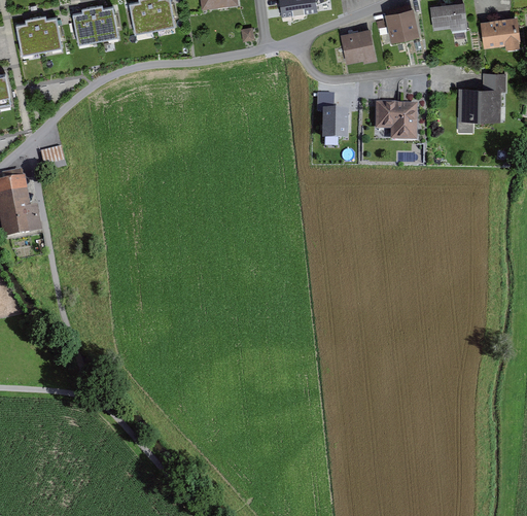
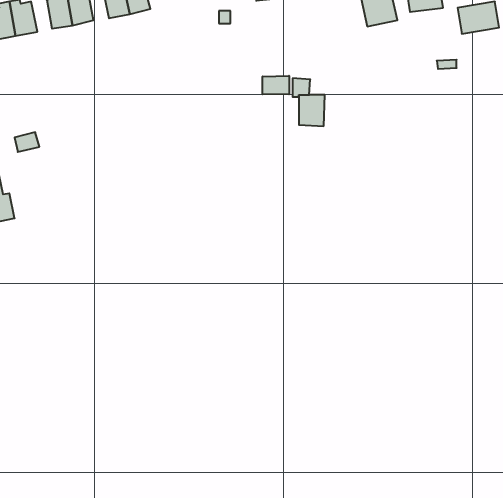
building: [342,30,376,64] -> none
building: [457,73,506,135] -> none
building: none -> [262,76,289,94]
building: [375,104,416,141] -> none

